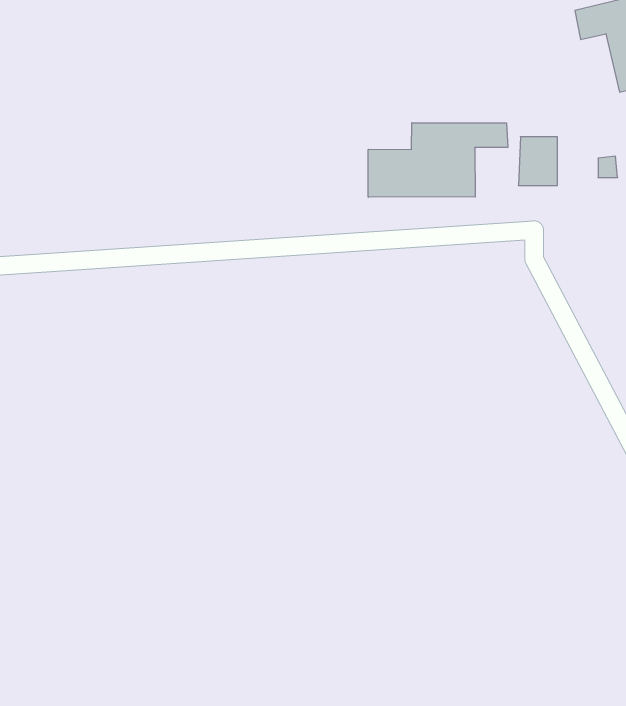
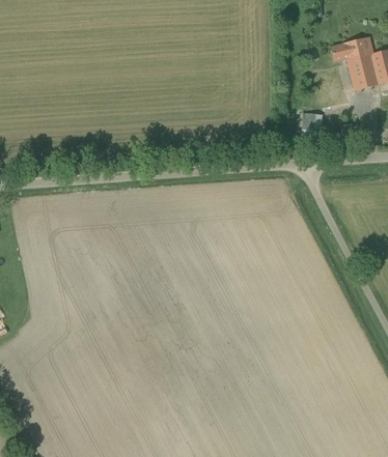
building: [368,123,508,197] -> none

